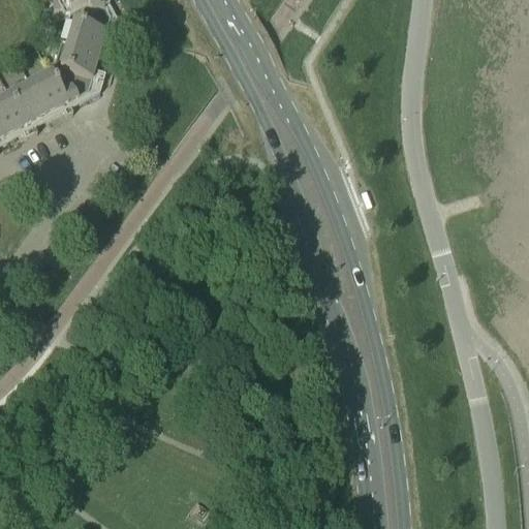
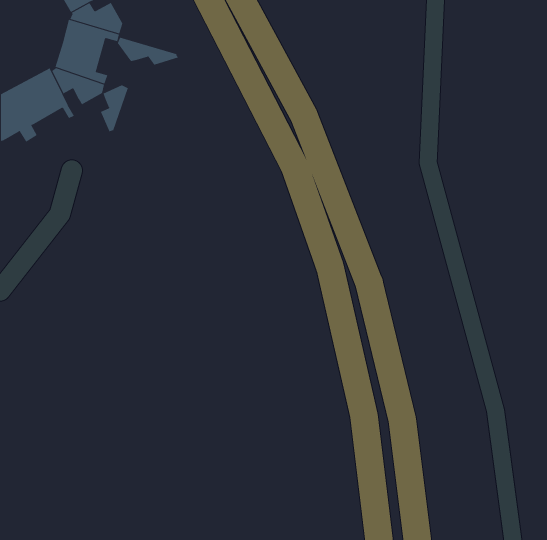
building: none -> [117,37,179,66]
building: none -> [100,85,129,132]

